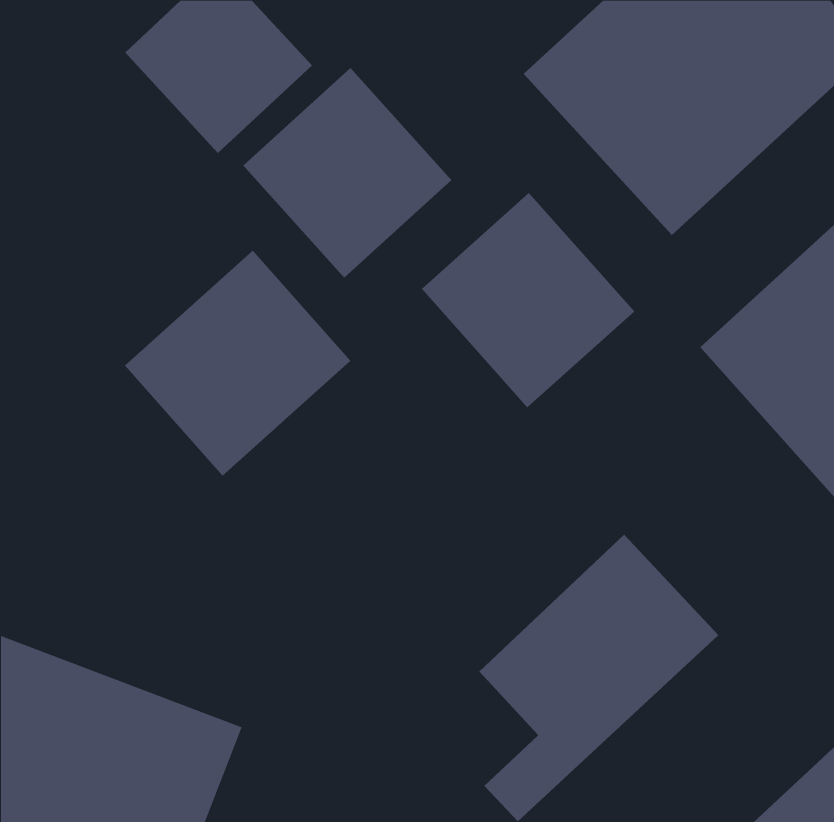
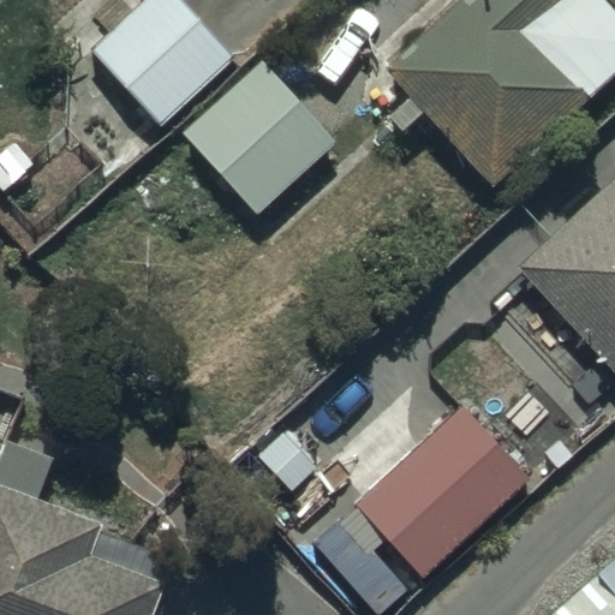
building: [421,192,635,408] -> none
building: [124,250,351,476] -> none

